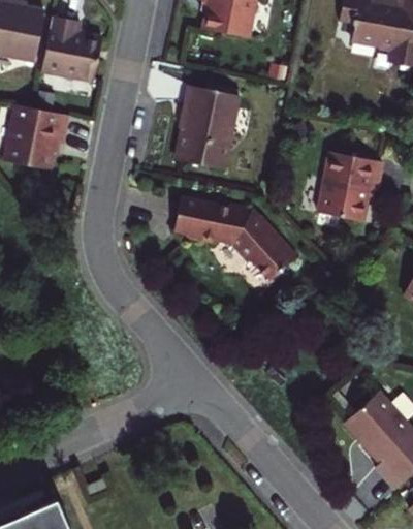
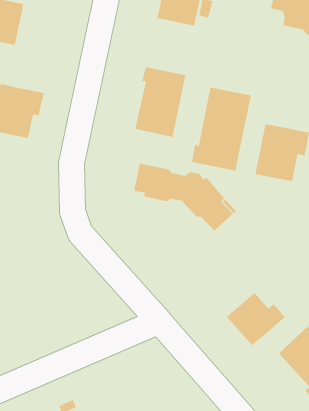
building: [41,18,103,83] -> none
building: none -> [191,87,251,172]
building: none -> [226,292,285,346]

